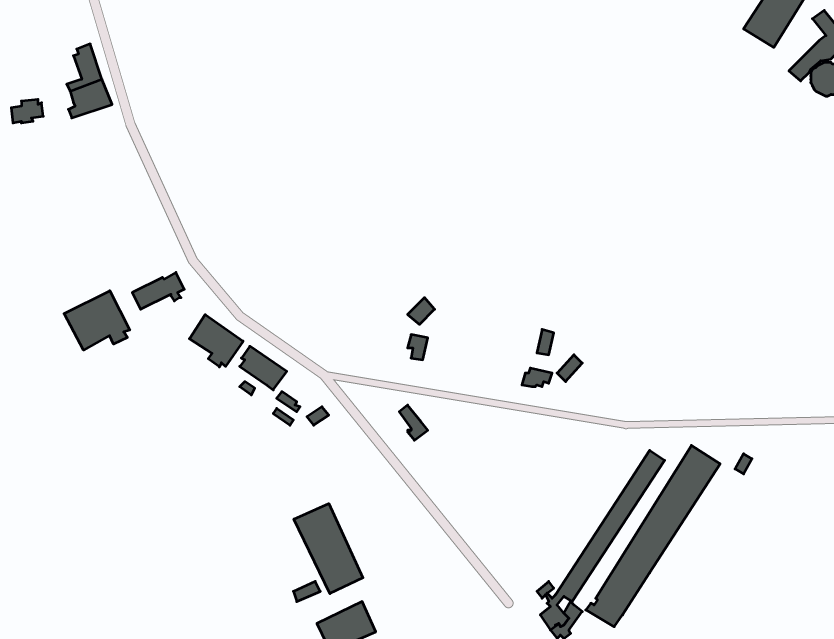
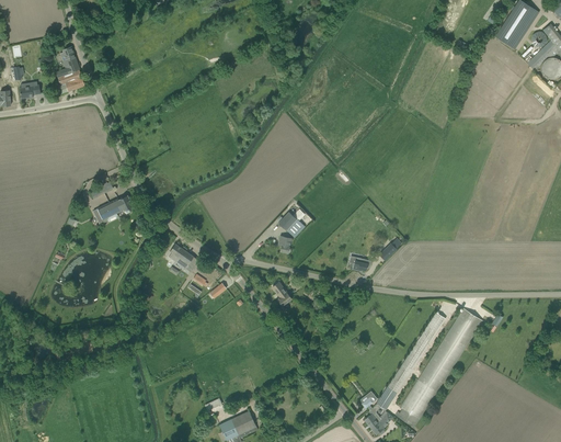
building: [64,291,130,350] -> none
building: [189,315,243,367] -> none
building: [294,504,363,594] -> none

